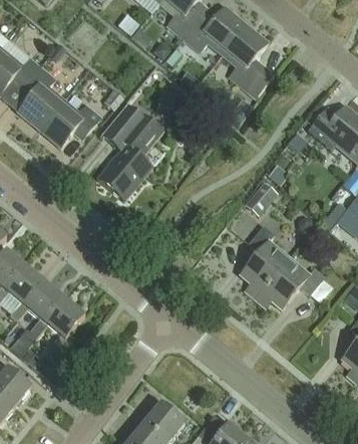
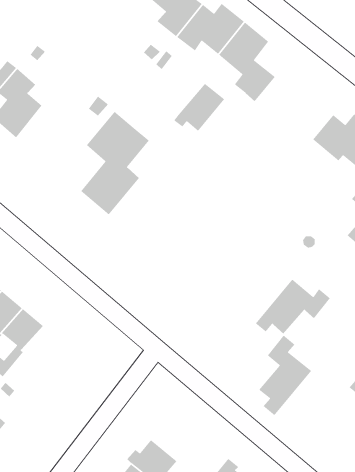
building: none -> [173,83,225,132]
building: [39,99,101,148] -> none
building: [245,182,278,216] -> none
building: [241,224,290,298] -> [258,335,312,416]
building: [44,300,84,355] -> none

